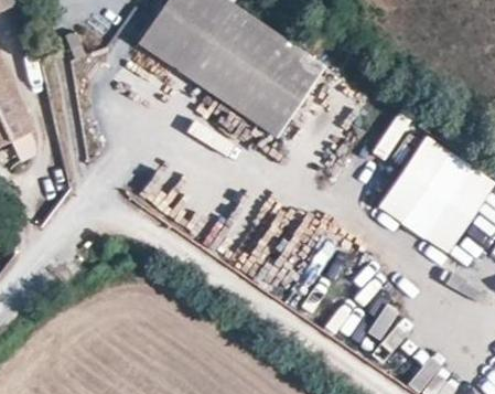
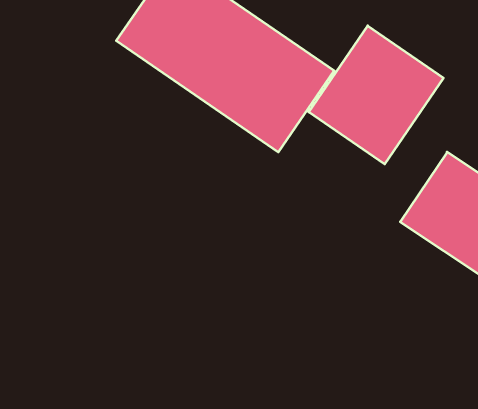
building: none -> [309,26,443,164]

